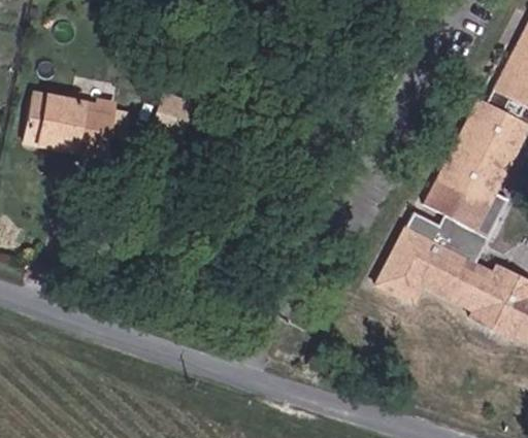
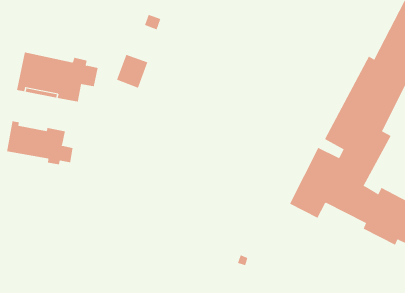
building: none -> [6,120,73,165]

